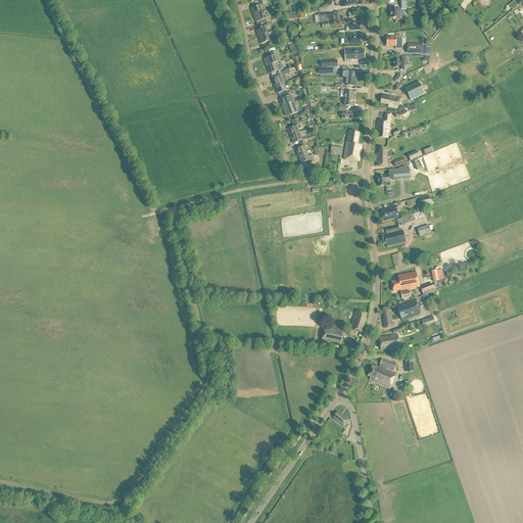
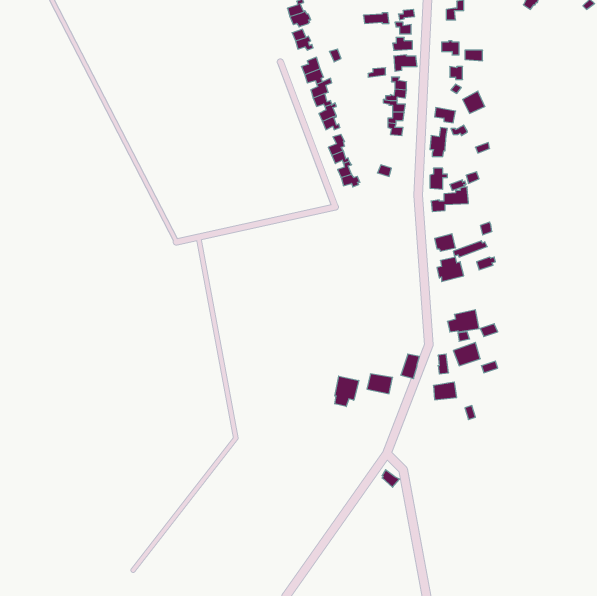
building: [343,130,362,160] -> none
building: none -> [335,376,359,407]
building: [369,358,395,387] -> none

